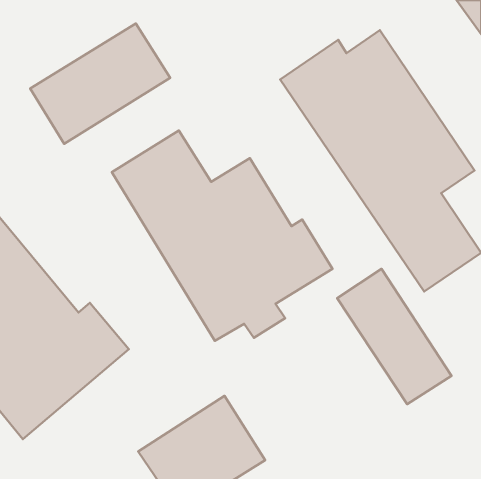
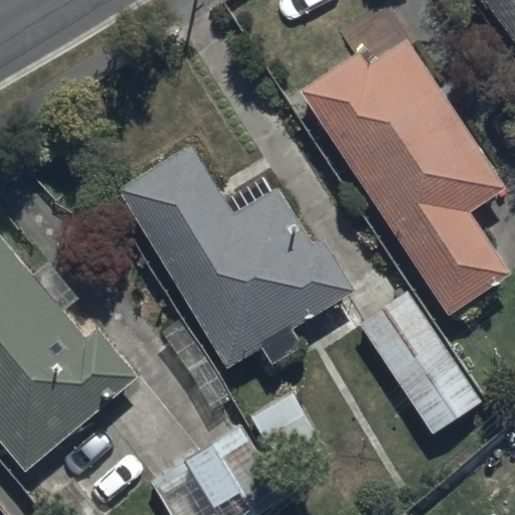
building: [30,24,170,144] -> none

